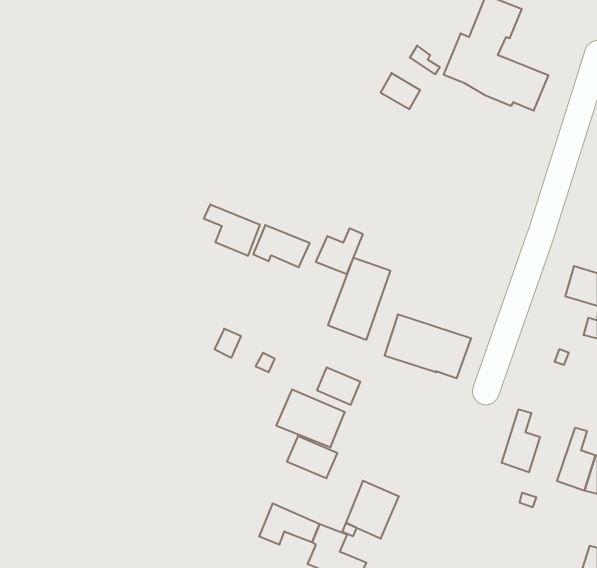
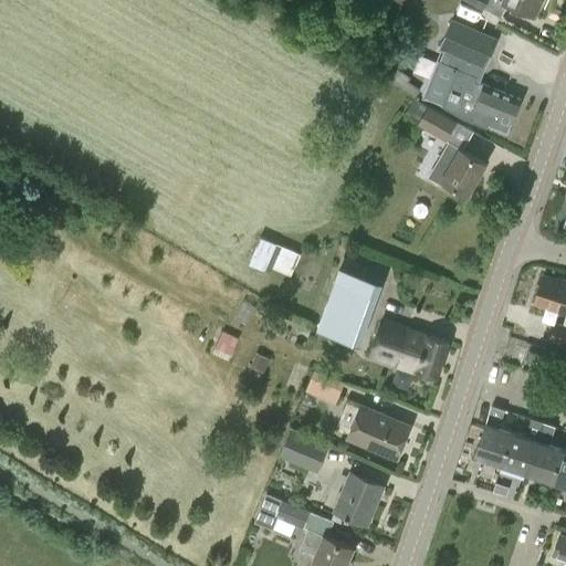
building: [381,73,420,109] -> [418,107,454,140]
building: none -> [428,144,484,196]
building: [204,204,260,256] -> none
building: [316,228,363,274] -> none
building: [276,389,345,447] -> [348,407,411,460]
building: none -> [502,420,544,473]

